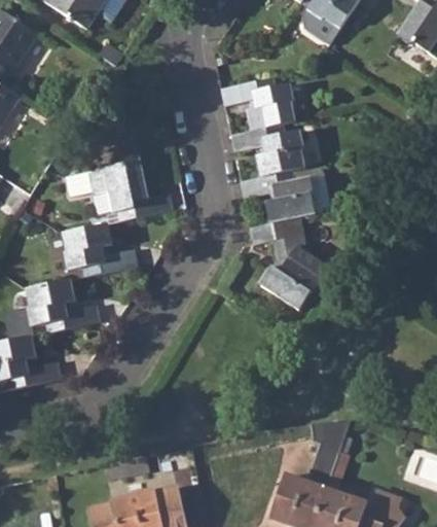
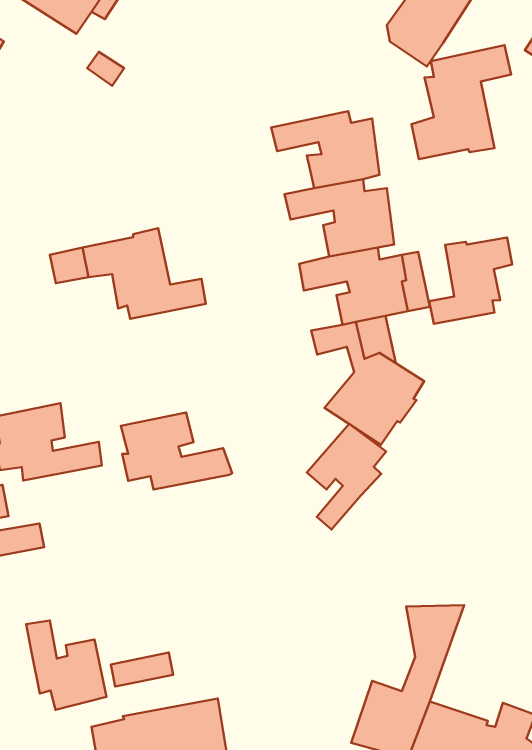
building: none -> [412,45,511,159]
building: none -> [429,237,512,324]
building: [63,225,140,279] -> [121,412,232,490]
building: none -> [307,424,386,530]
building: none -> [26,620,106,710]

